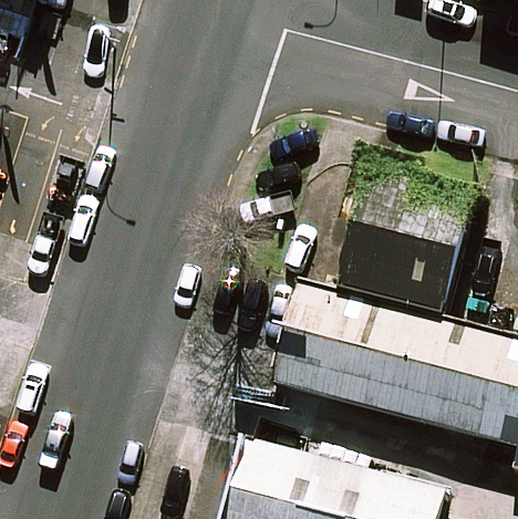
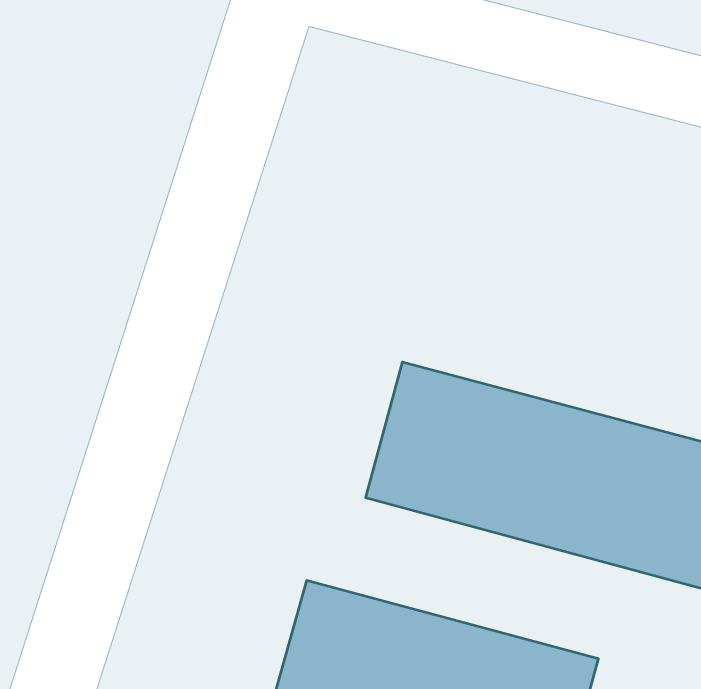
building: [345,162,475,308] -> none

